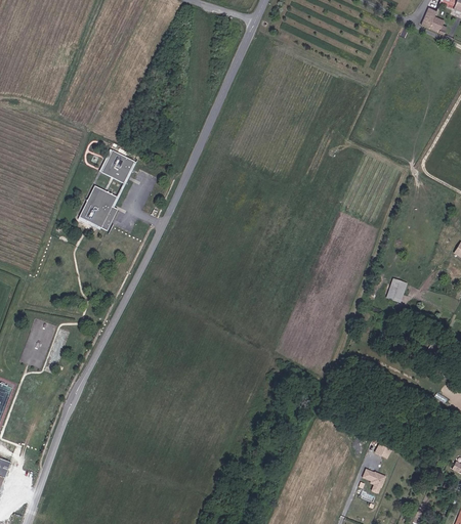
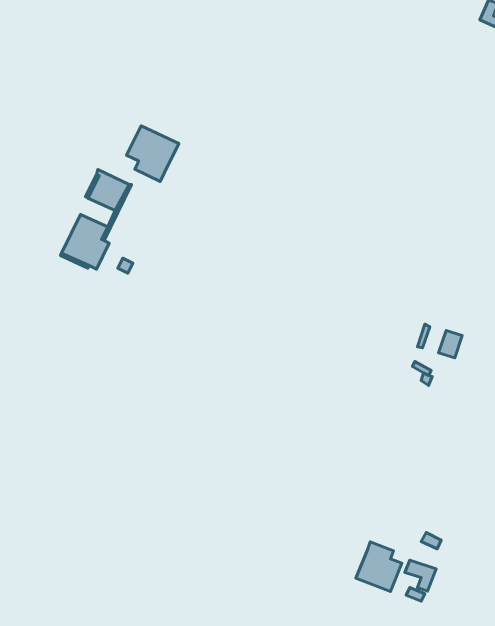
building: none -> [126,126,179,181]
building: none -> [356,542,402,591]

